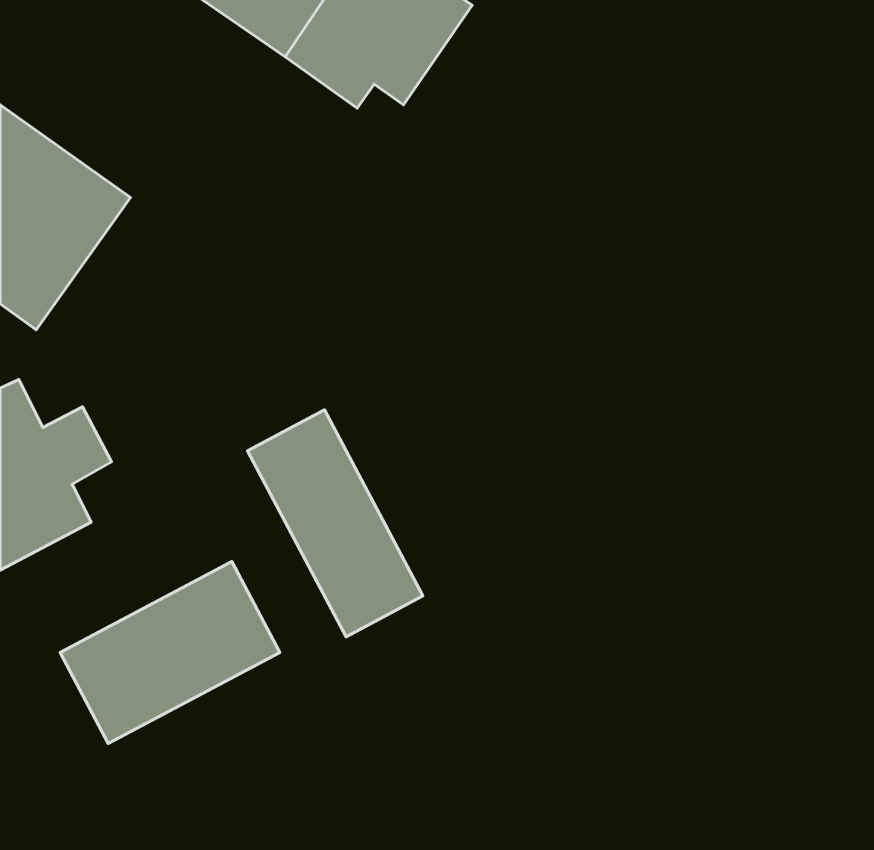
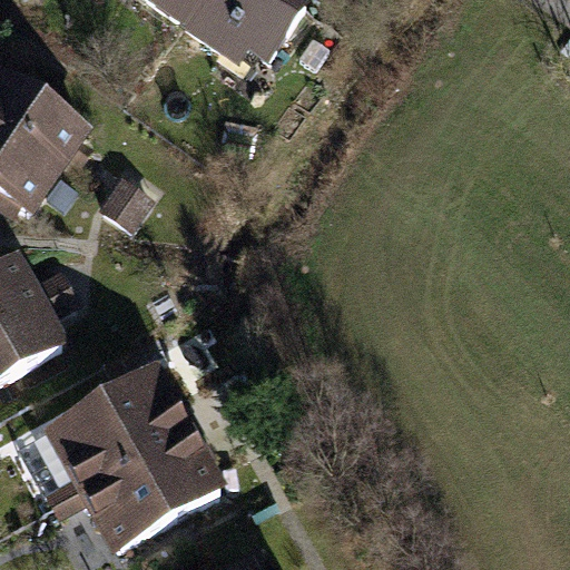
building: [247,410,423,637] -> none
building: none -> [72,423,218,547]

